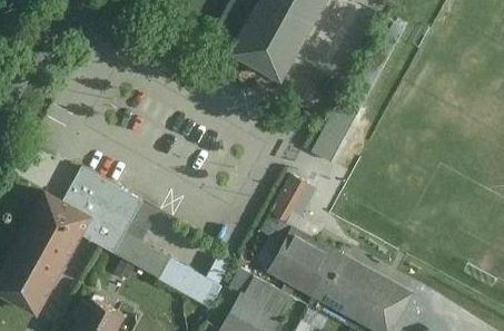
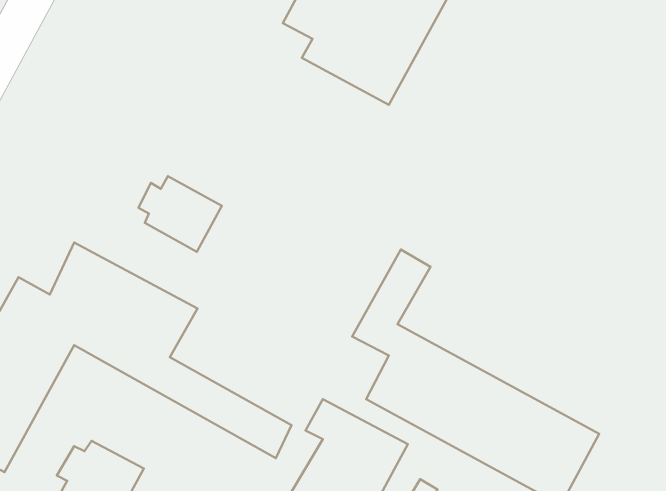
building: [312,98,359,162] -> none
building: none -> [139,176,222,252]

